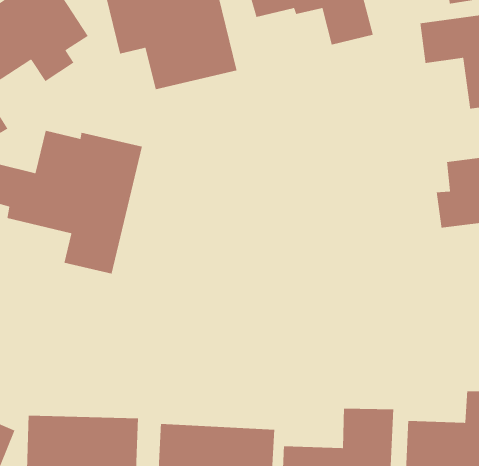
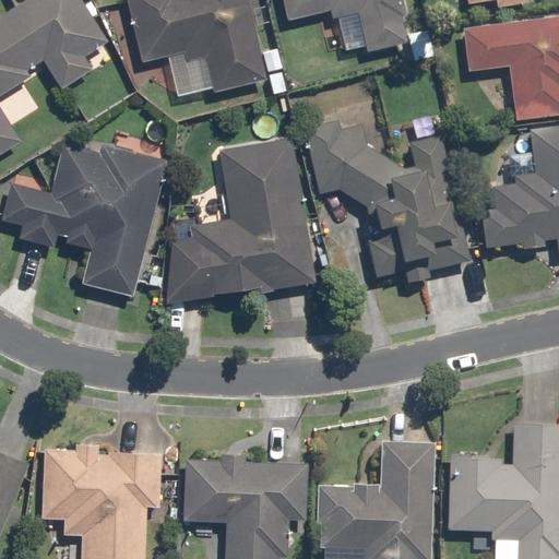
building: none -> [302,119,472,284]
building: none -> [164,138,316,308]

